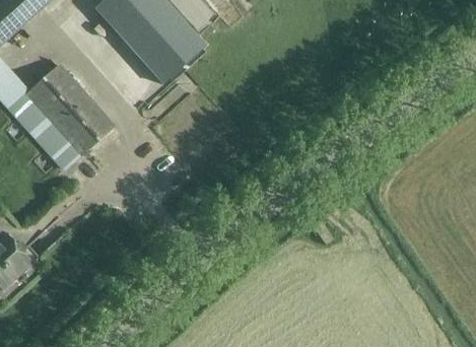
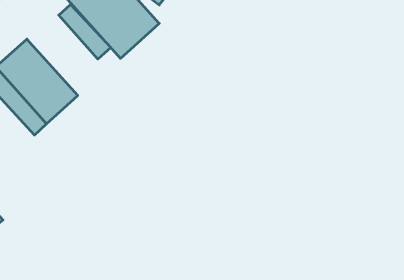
building: none -> [59,5,111,59]

